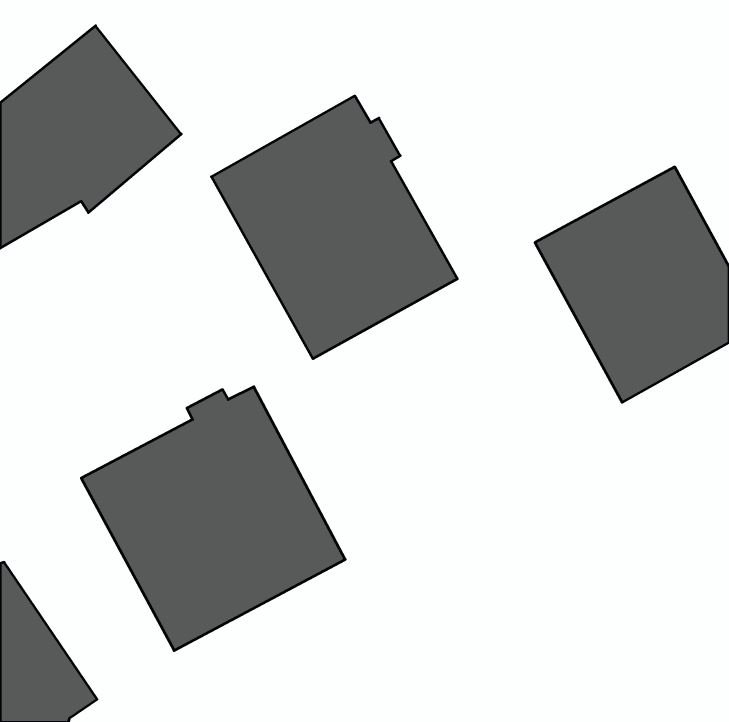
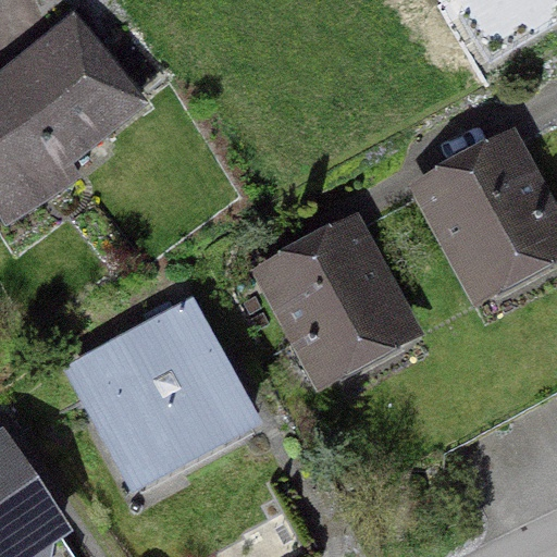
building: [211,96,457,359] -> none
building: none -> [251,212,424,393]

